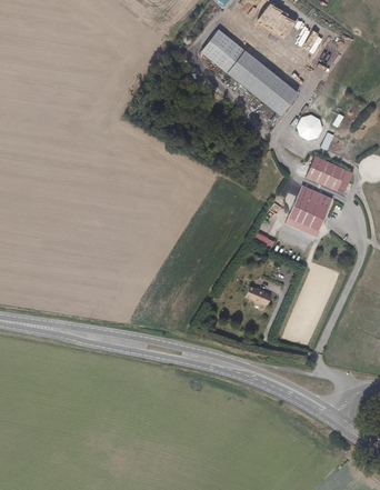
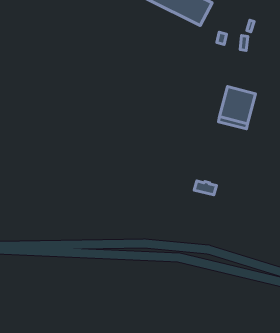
building: [304,159,344,192] -> none

